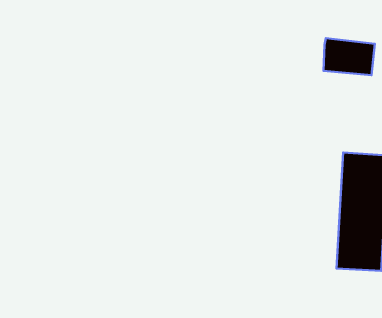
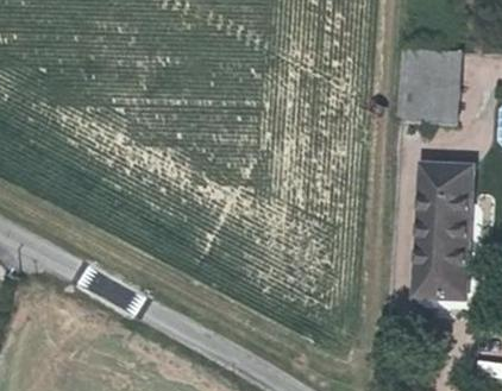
building: none -> [400,80,454,122]

